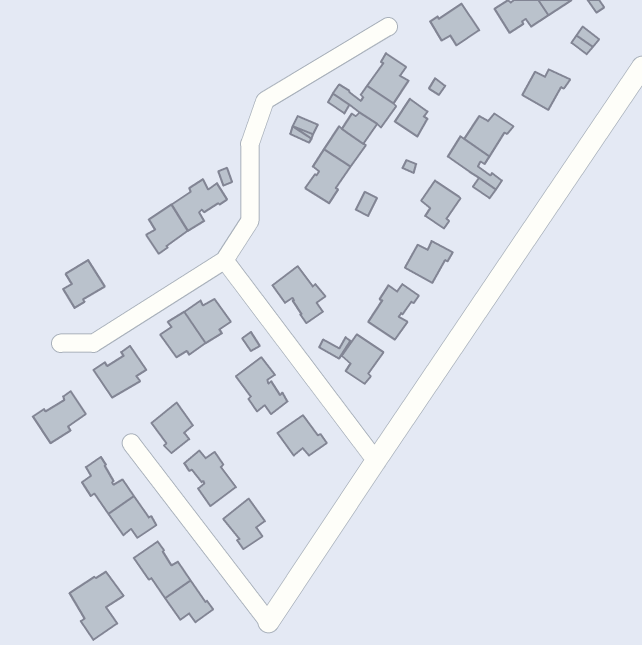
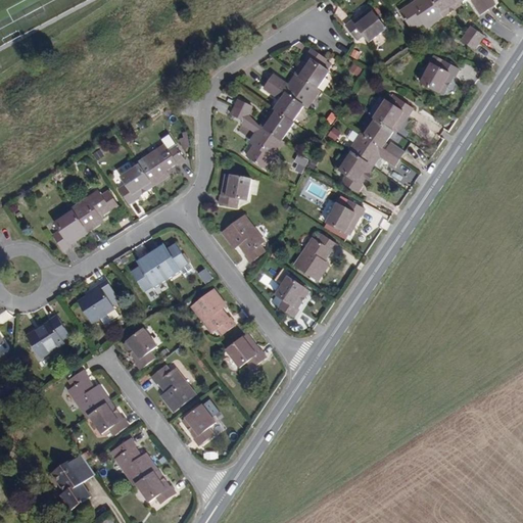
building: [395,99,428,137] -> [353,129,380,159]
building: none -> [220,175,249,205]
building: none -> [72,190,117,232]

